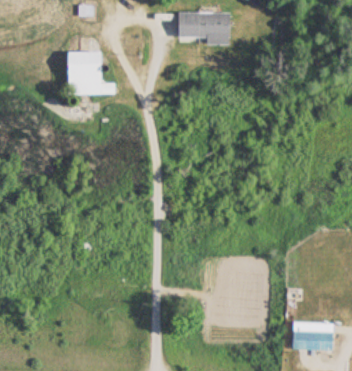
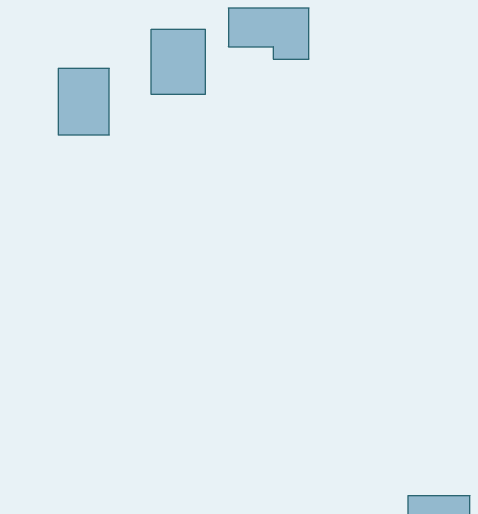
building: none -> [151,29,205,94]

